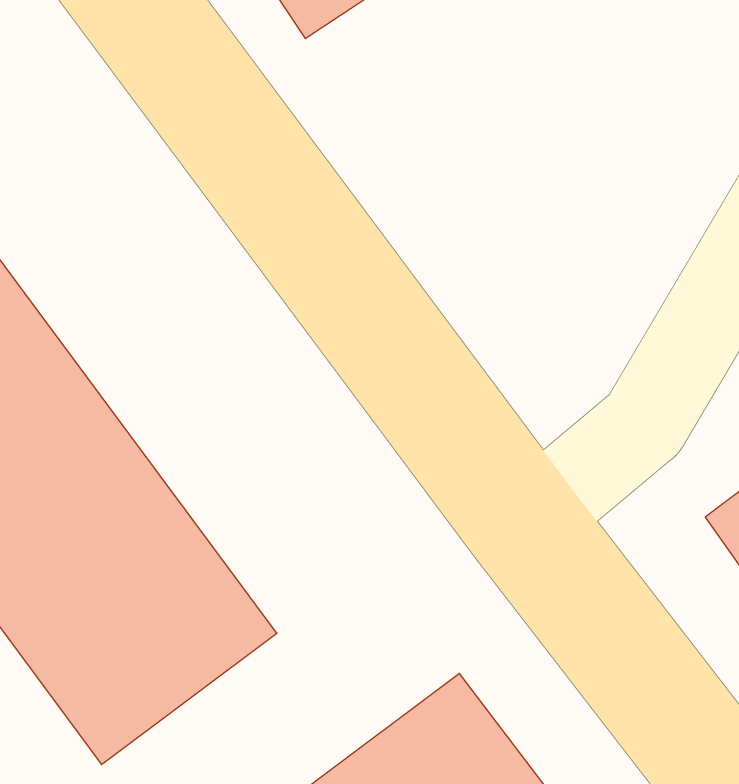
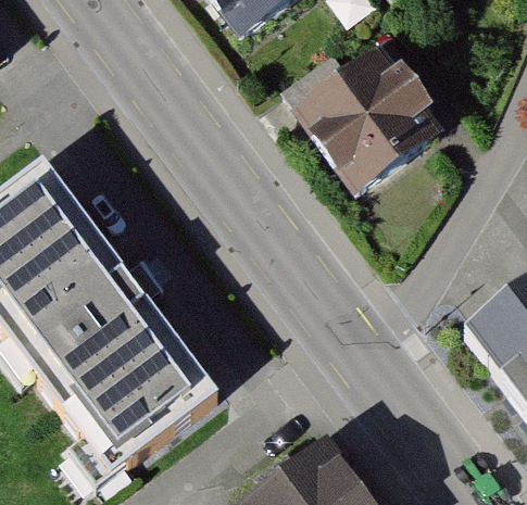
building: none -> [289,43,434,185]

